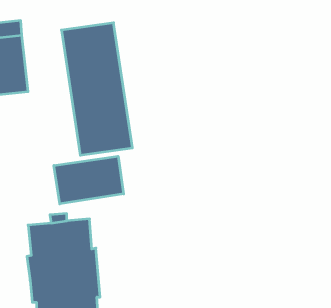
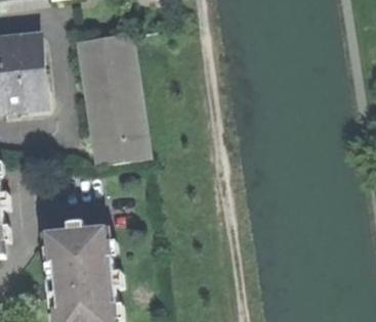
building: [54,156,124,204] -> none

